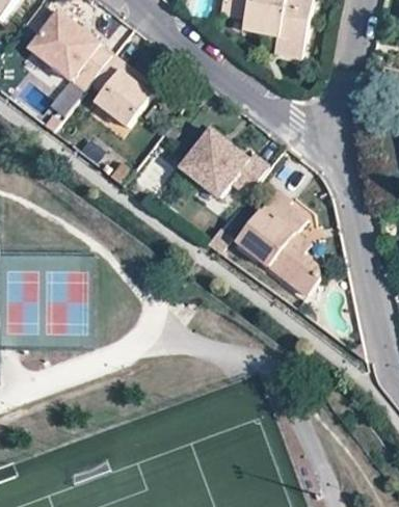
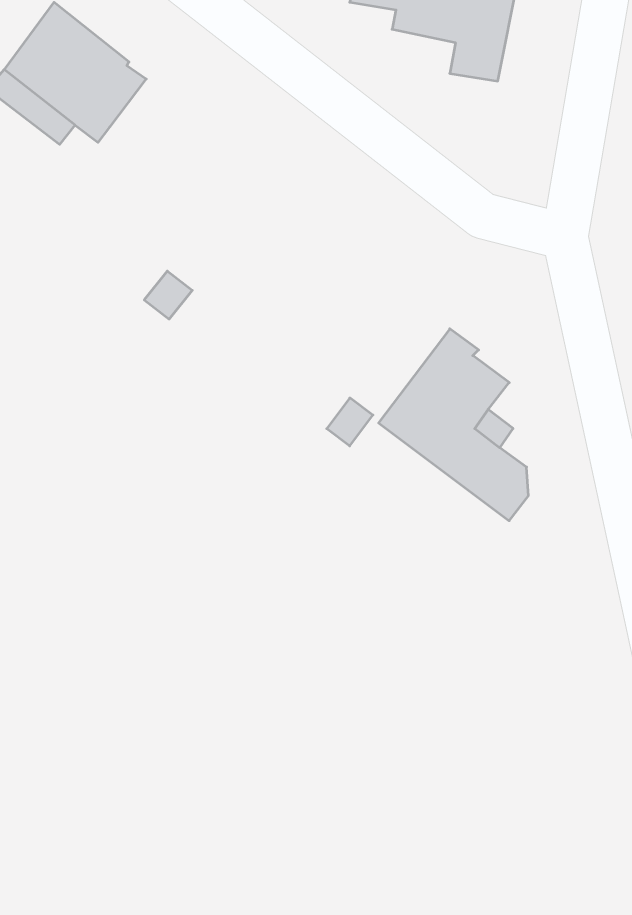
building: [90,53,151,125] -> none
building: [179,128,268,204] -> none

